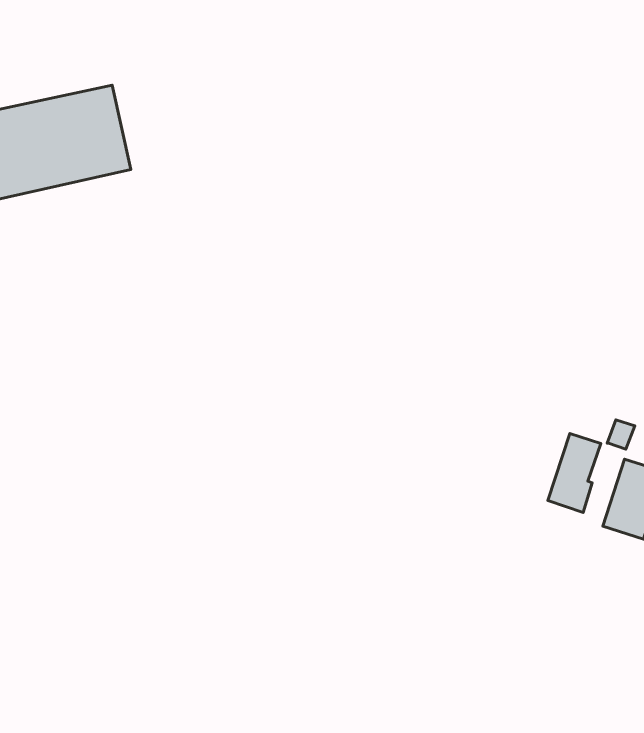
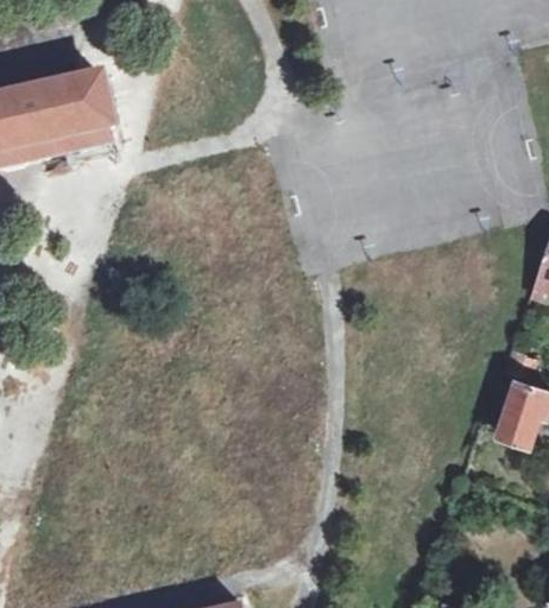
building: [548,433,601,513] -> none

